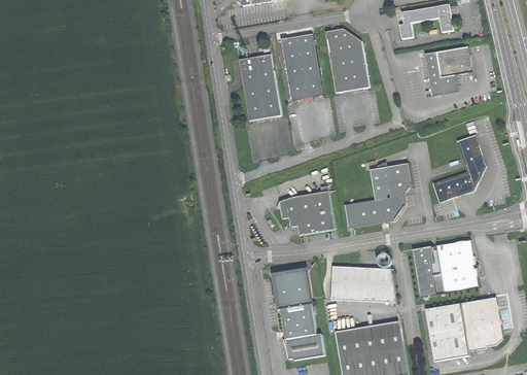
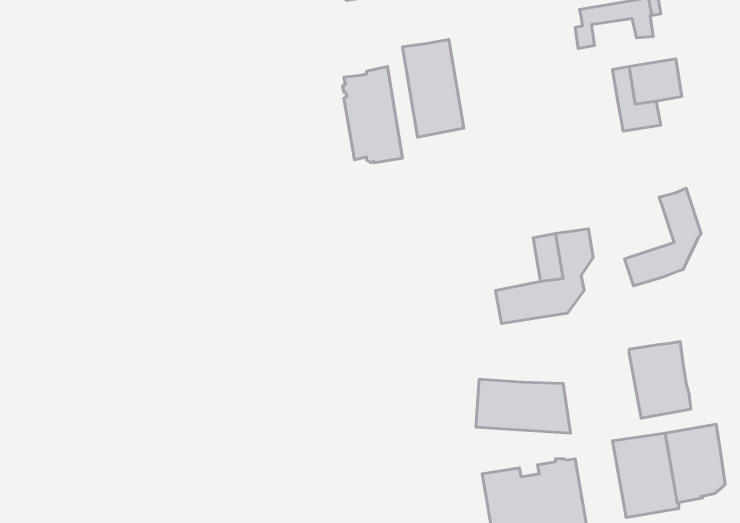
building: [324,29,368,91] -> none
building: [278,190,335,234] -> none
building: [412,244,444,296] -> none
building: [274,269,324,359] -> none

